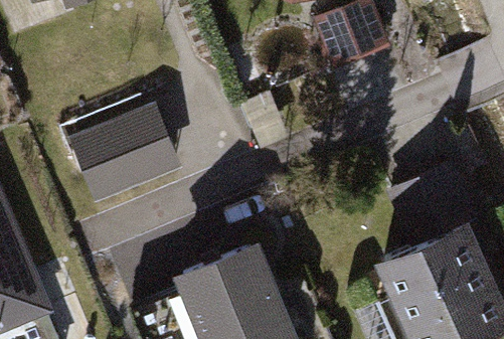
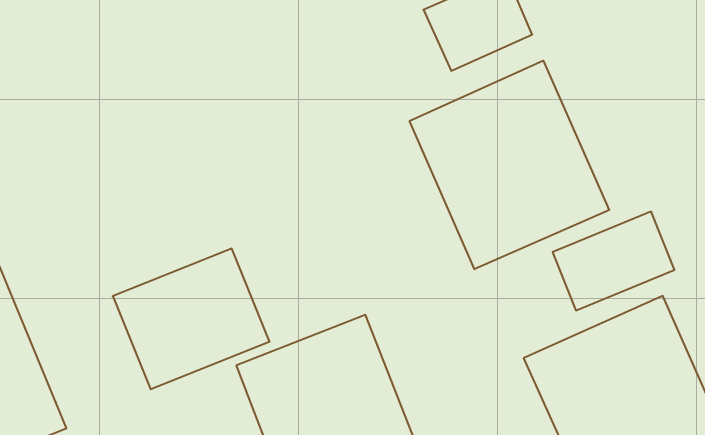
building: none -> [410,61,609,269]
building: [72,108,181,205] -> [113,248,270,389]

